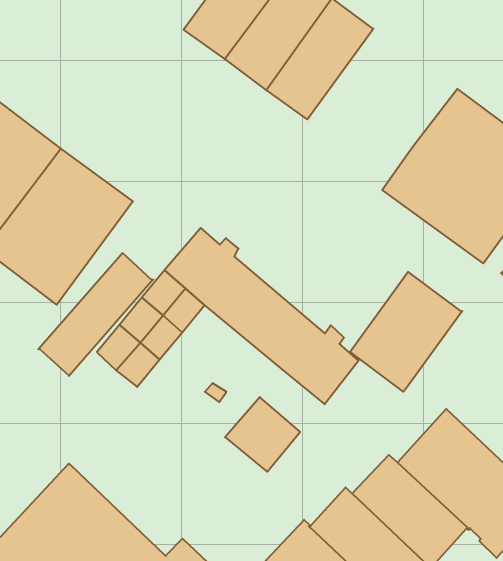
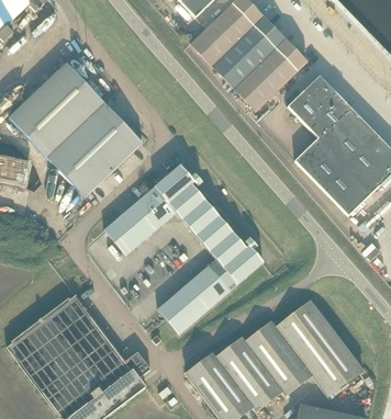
building: none -> [287,75,350,137]
building: [38,253,153,376] -> none
building: [349,272,462,392] -> none
building: none -> [199,259,237,298]
building: none -> [157,294,196,333]

